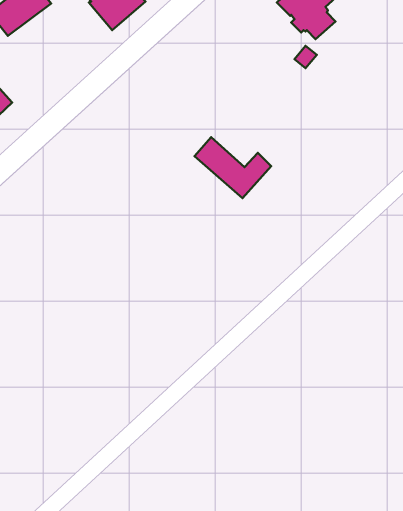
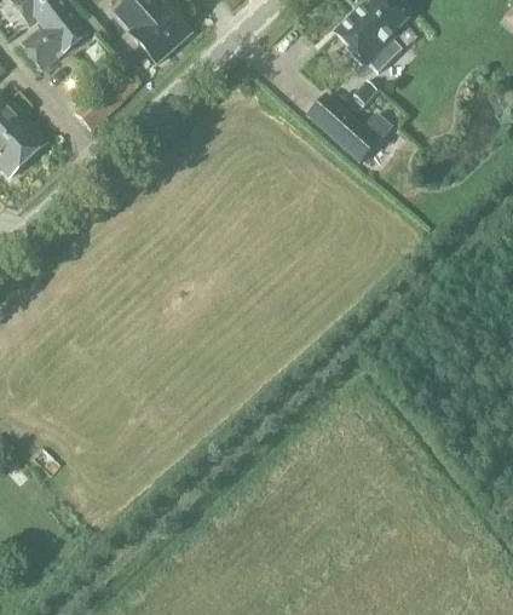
building: [195,137,271,198] -> [307,93,391,160]

